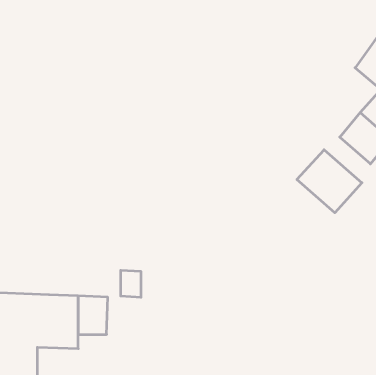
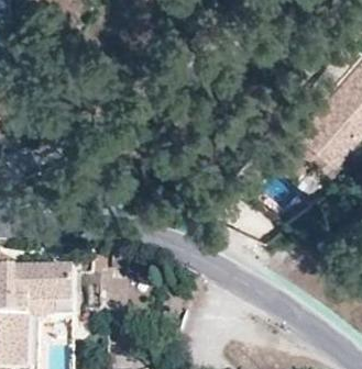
building: [297,150,362,213] -> none

